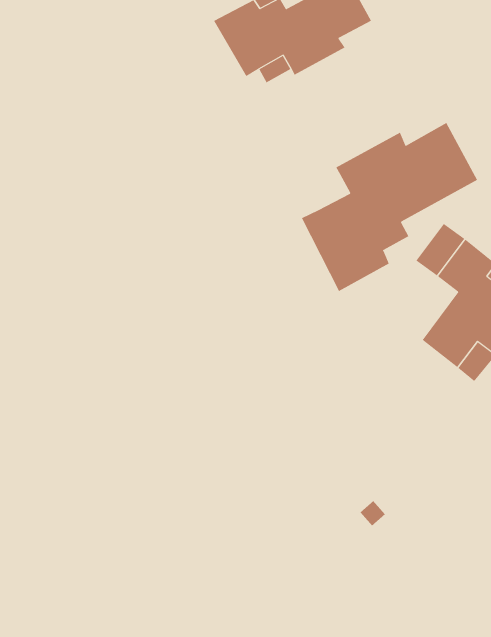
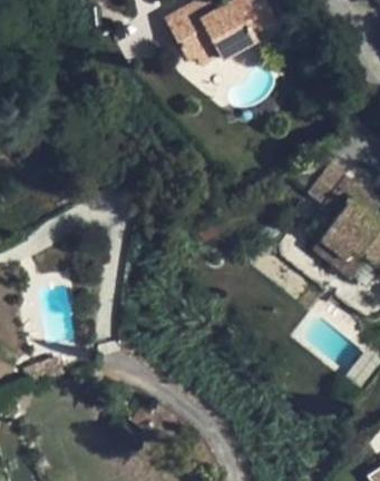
building: [301,122,478,292] -> none

